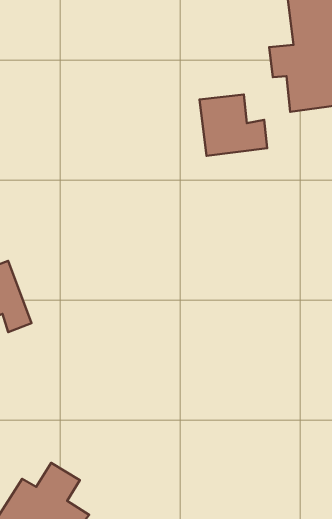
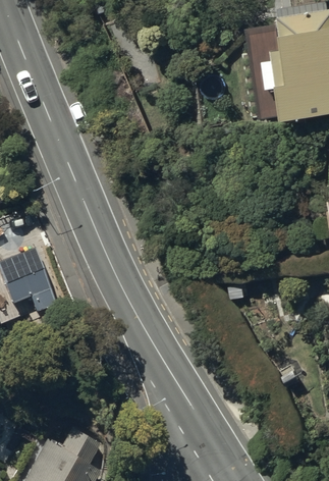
building: [199,95,267,156] -> none

